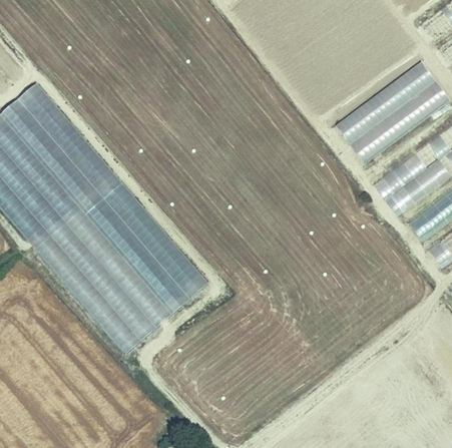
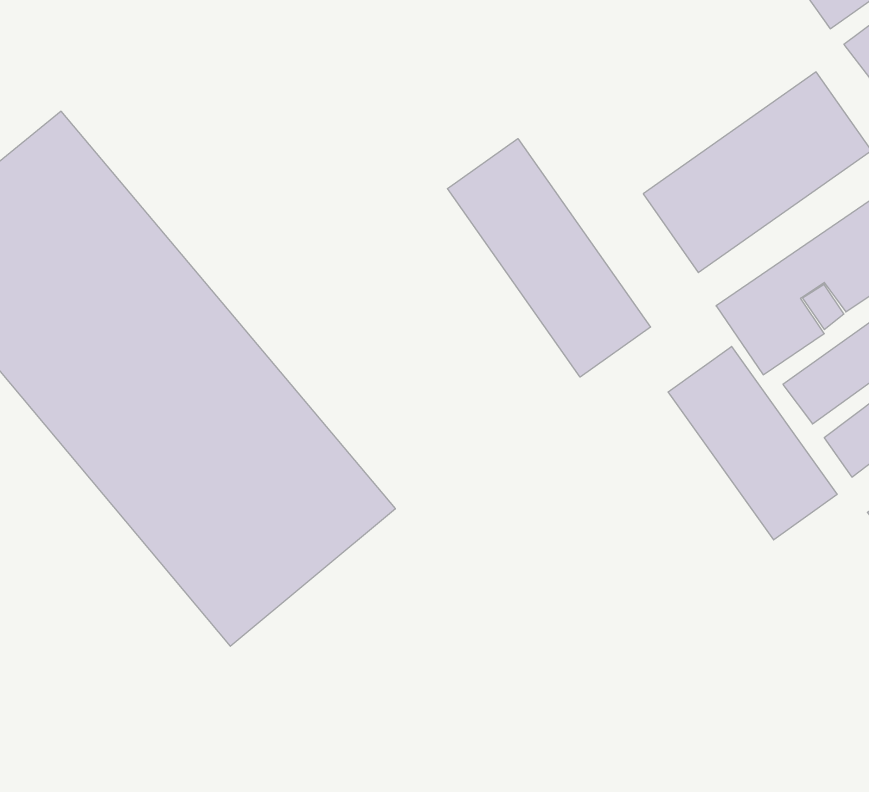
building: none -> [447,139,651,377]
building: none -> [668,346,837,540]

